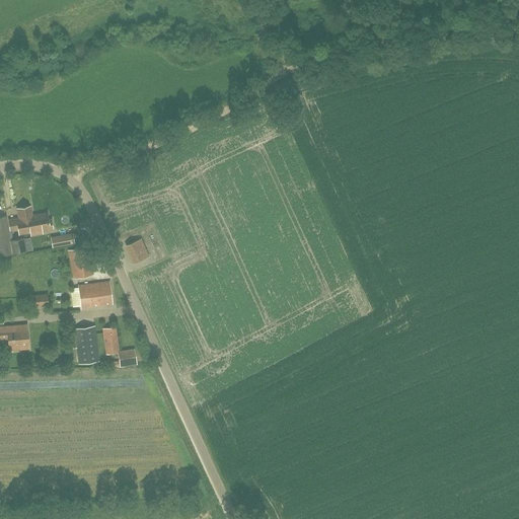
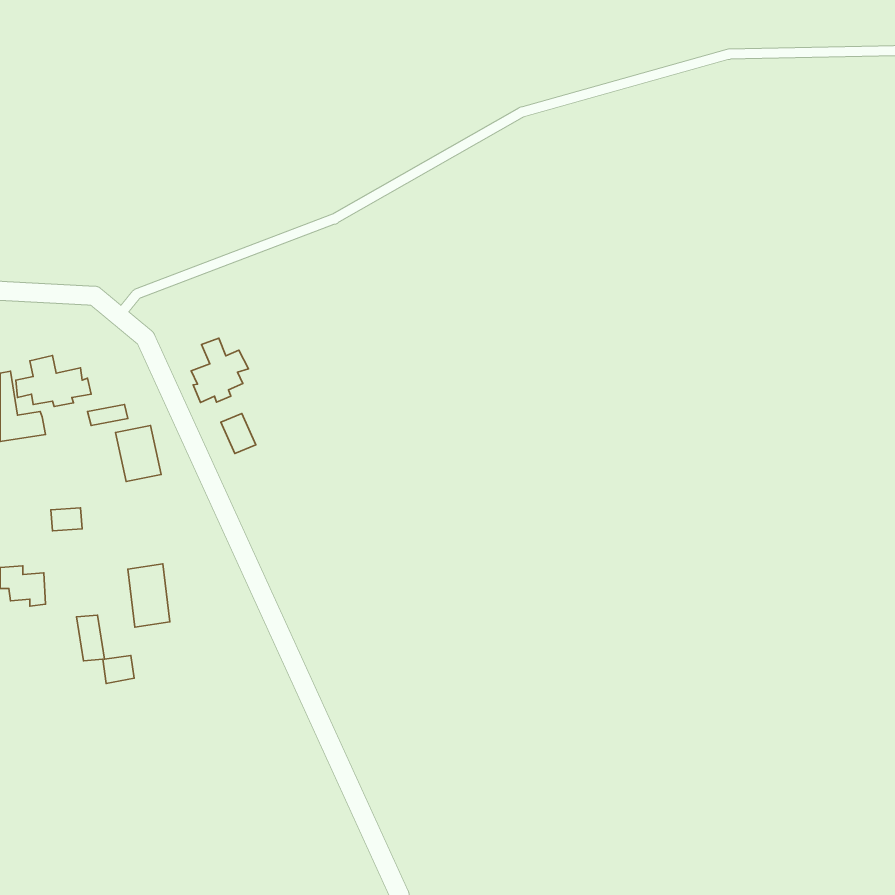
building: none -> [191,338,248,402]
building: [78,281,113,308] -> none
building: [102,327,136,367] -> [76,615,134,684]

